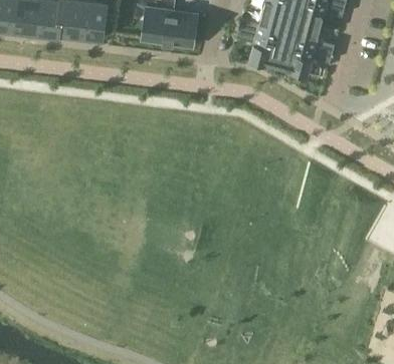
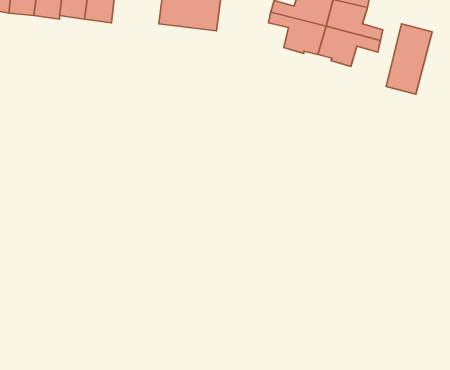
building: none -> [386,24,432,94]

